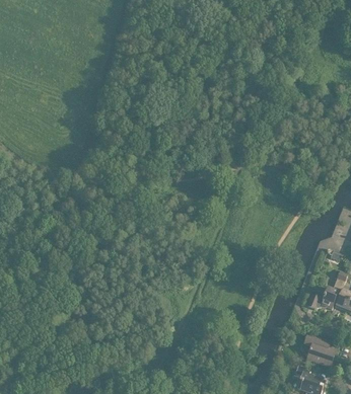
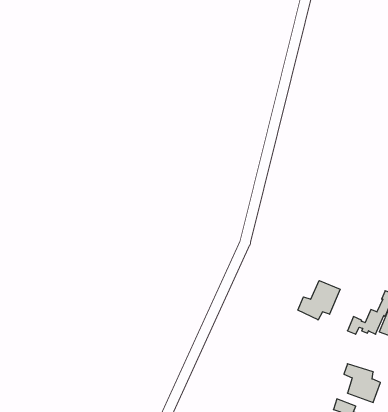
building: none -> [298,281,340,320]

